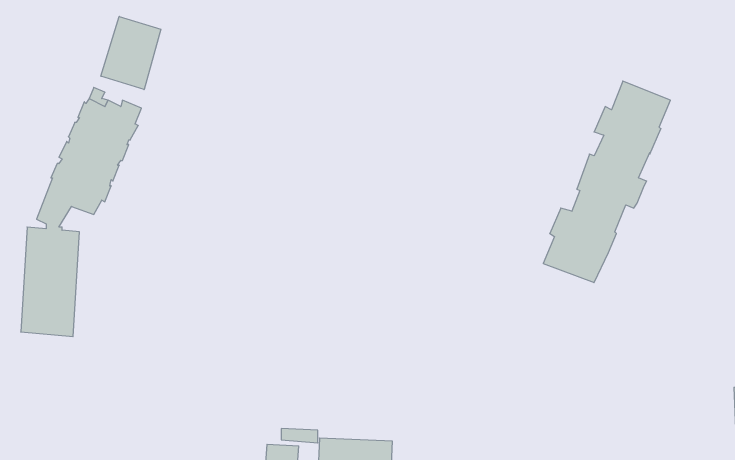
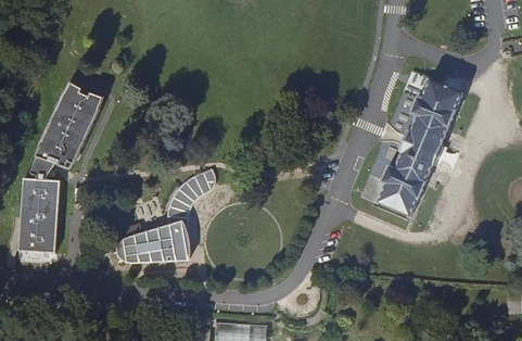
building: [101,16,161,90] -> none
building: none -> [113,169,213,263]

